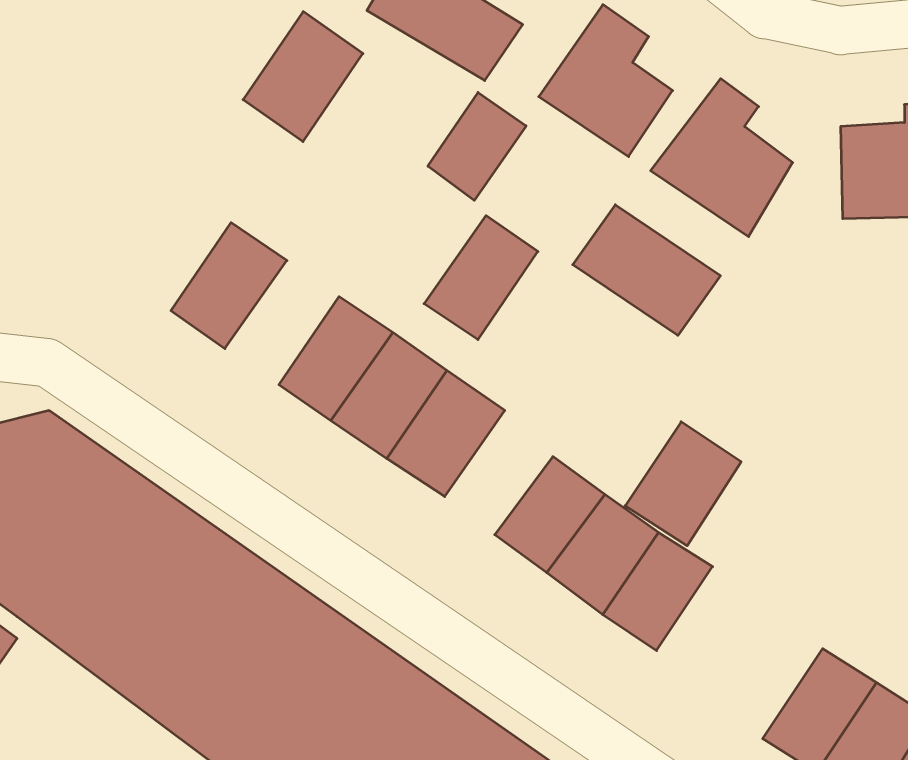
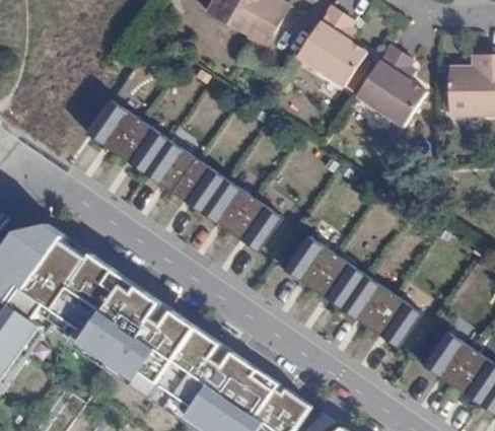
building: [243,12,363,142] -> [83,95,144,161]
building: [428,92,526,200] -> none
building: [573,205,720,335] -> none
building: [424,216,538,340] -> [141,136,199,199]
building: [625,422,741,546] -> [360,291,419,354]

